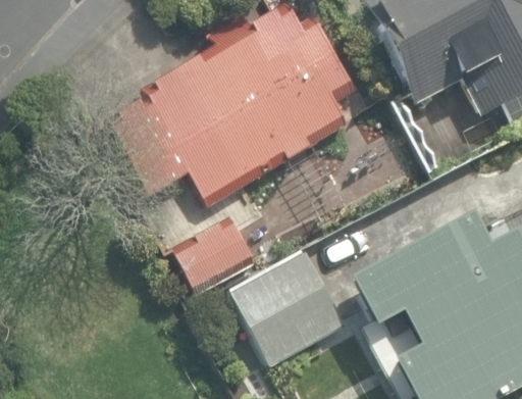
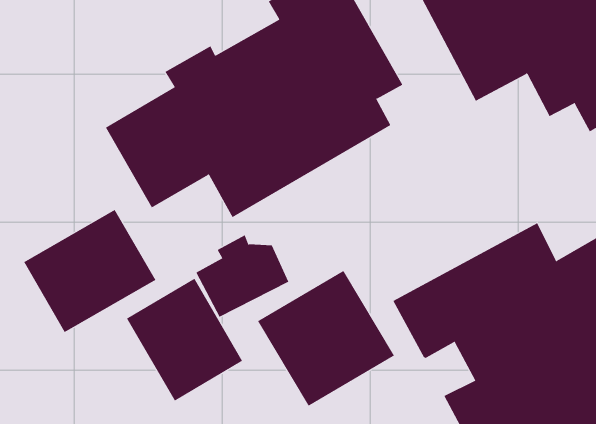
building: none -> [23,209,156,333]
building: none -> [126,278,243,401]

